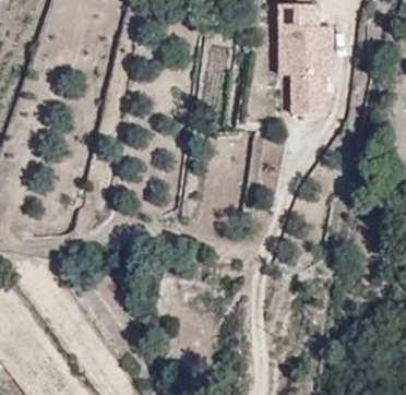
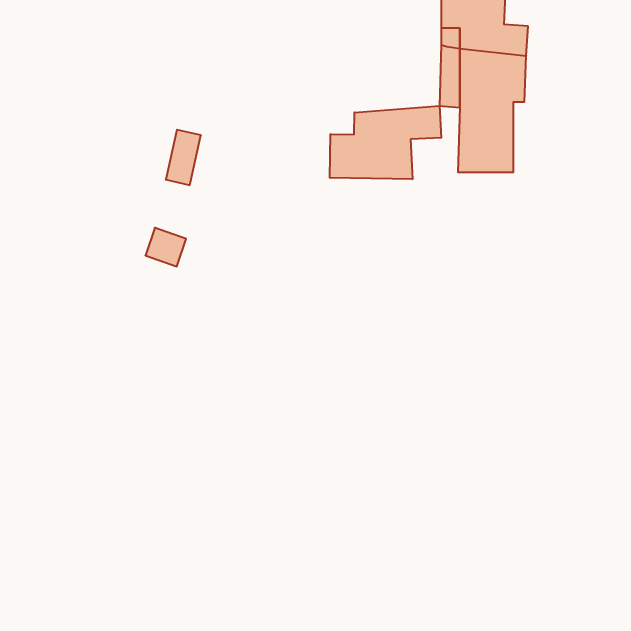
building: none -> [330,106,441,179]

